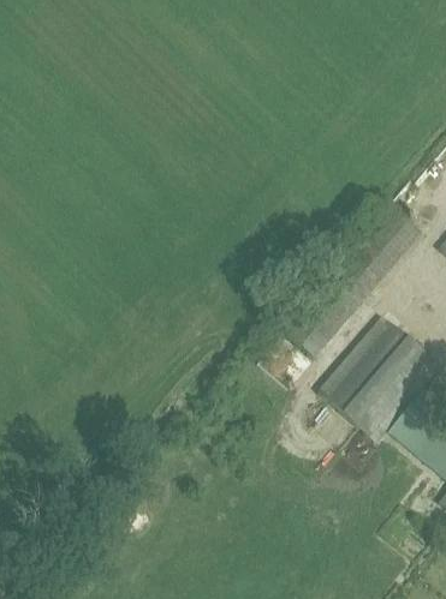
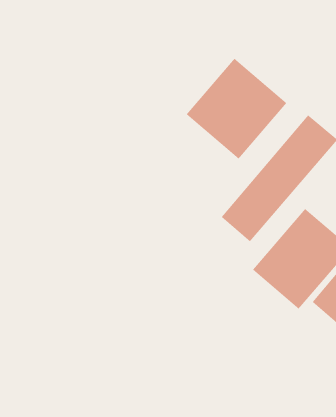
building: none -> [186,58,287,160]

